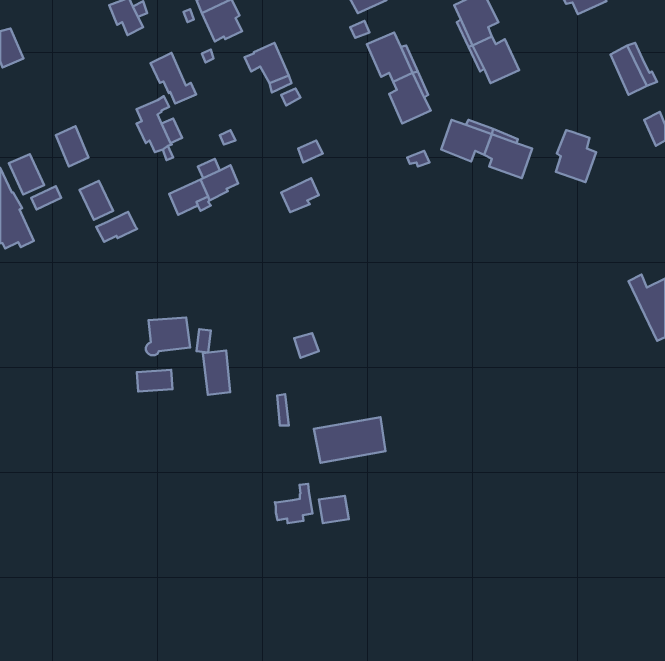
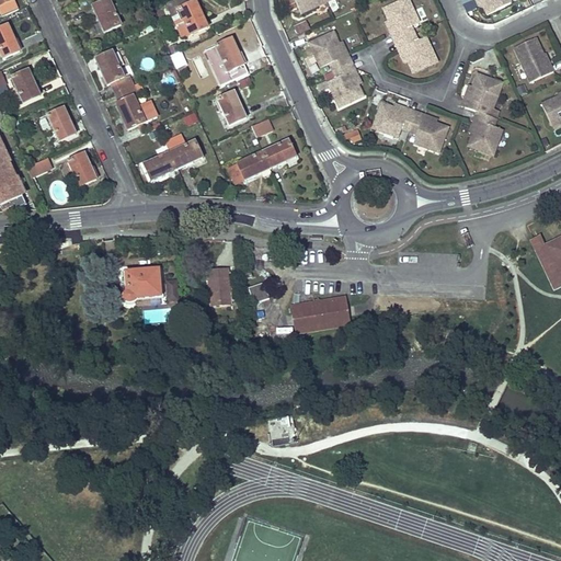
building: [151,53,196,104] -> [94,49,133,92]
building: none -> [461,71,502,111]
building: none -> [216,90,244,124]
building: [9,154,44,194] -> [11,68,41,102]
building: none -> [262,139,293,168]
building: [96,212,137,242] -> none
building: [203,351,230,395] -> [206,266,229,304]
building: [137,370,173,391] -> none
building: [314,417,386,463] -> [289,294,350,332]
building: [275,484,312,523] -> none

